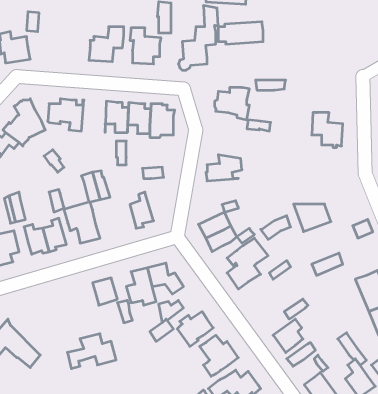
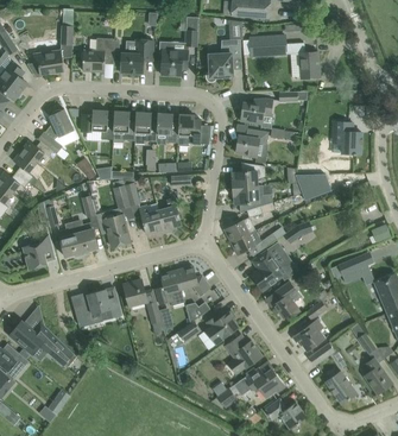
building: none -> [82,38,114,72]
building: none -> [285,43,318,78]
building: none -> [112,110,135,143]
building: none -> [235,129,266,158]
building: none -> [232,185,272,210]
building: none -> [138,203,164,235]
building: [294,204,331,232] -> [295,175,330,201]
building: none -> [272,282,301,318]
building: [67,334,116,369] -> [74,290,120,323]

